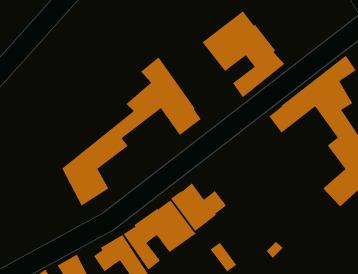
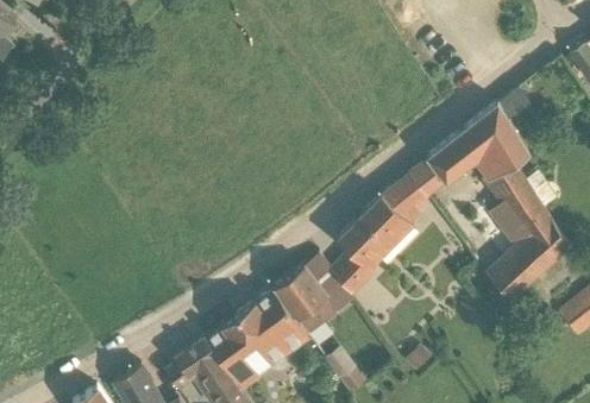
building: [202,11,285,98] -> none
building: [61,57,202,207] -> none
building: none -> [329,183,421,297]

